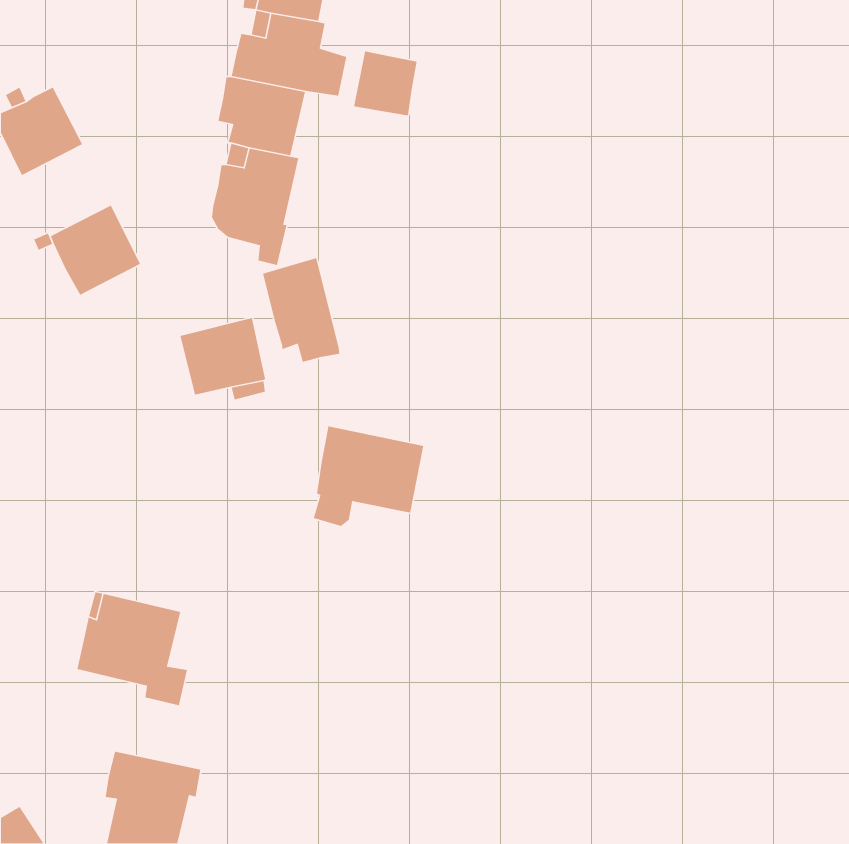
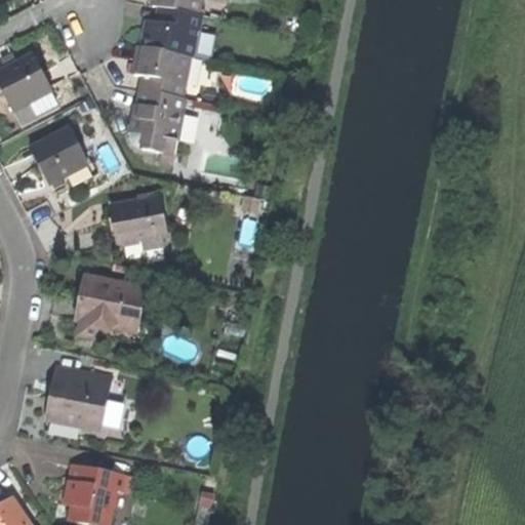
building: [353,51,417,116] -> none
building: [262,257,340,363] -> none
building: [313,426,424,527] -> [77,275,146,337]

